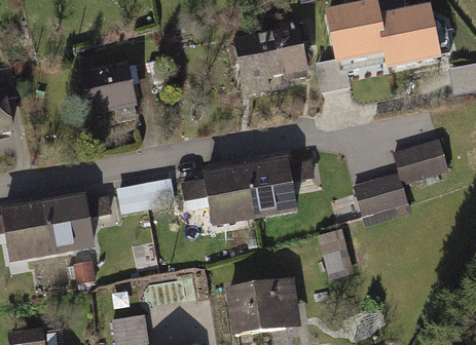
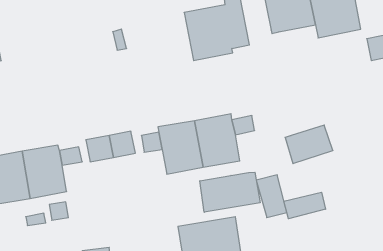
building: [315,59,349,92] -> none
building: [77,62,137,121] -> none
building: [395,139,447,183] -> none
building: none -> [200,172,260,212]
building: none -> [284,192,326,219]

